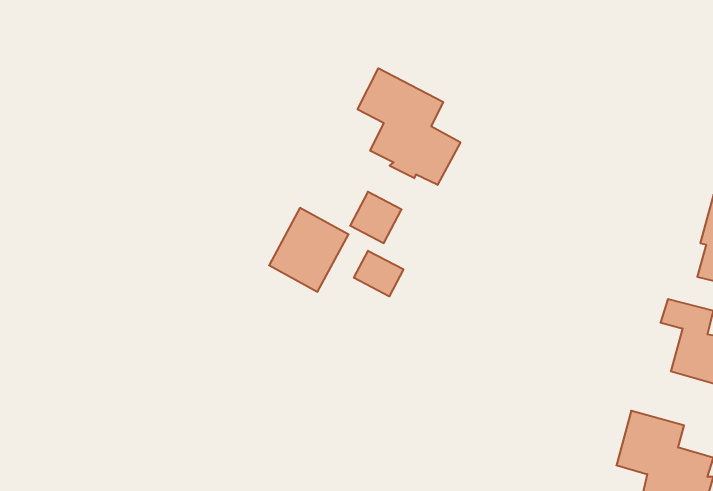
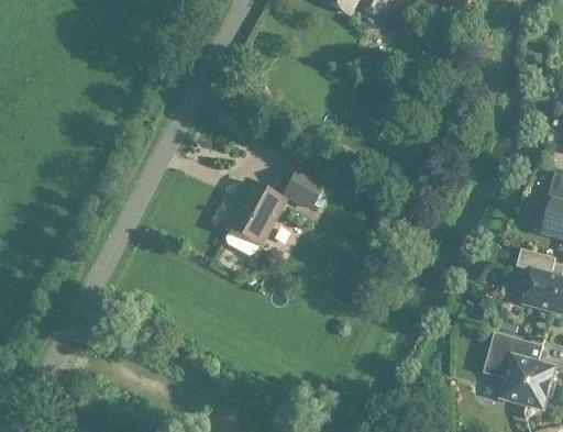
building: [358,68,460,185] -> none
building: [354,251,403,296] -> none

